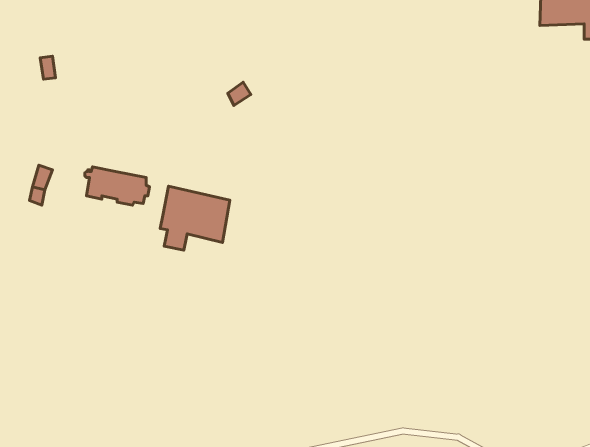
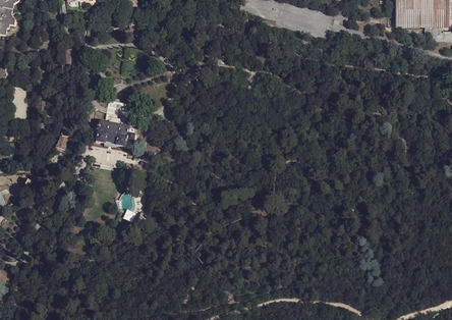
building: [160,186,230,250] -> none

